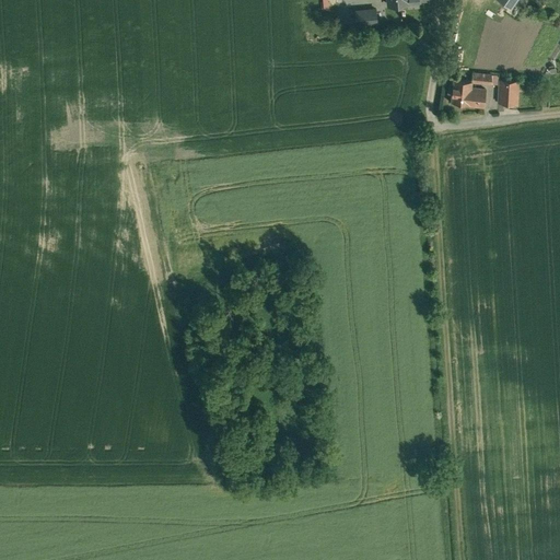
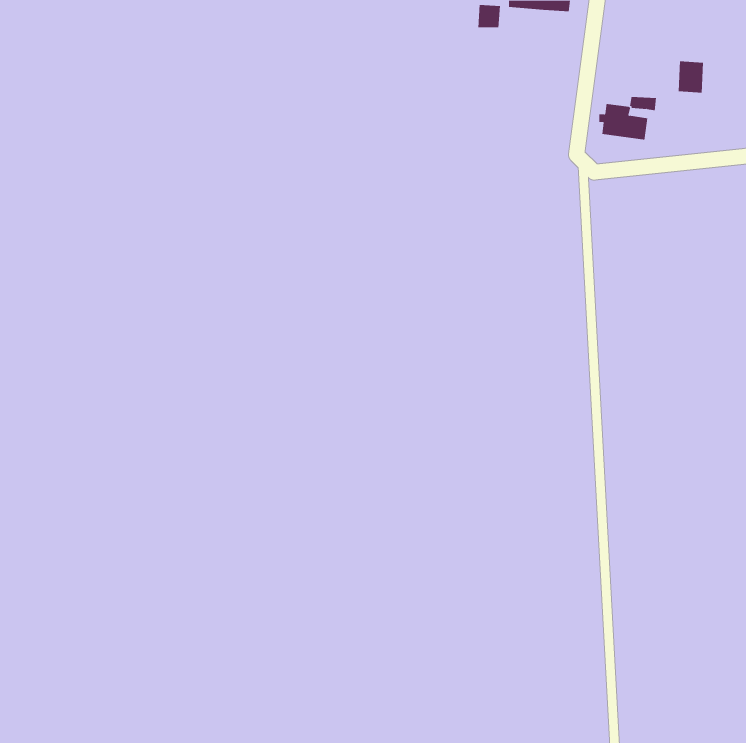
building: [499,81,518,105] -> [678,61,704,93]

